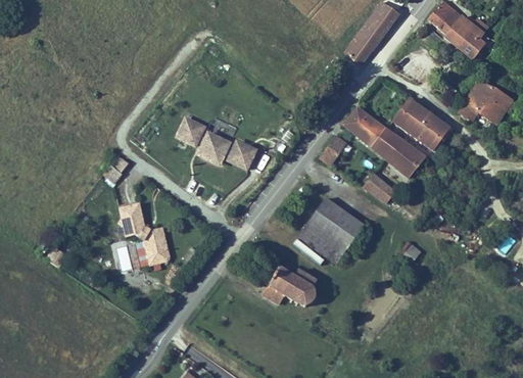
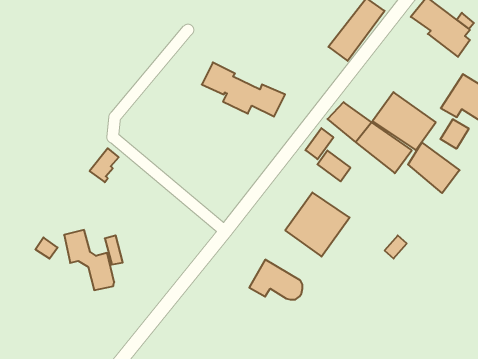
building: [174,115,258,171] -> [202,62,285,117]
building: none -> [440,119,469,149]
building: none -> [408,142,460,193]
building: [363,173,396,204] -> [317,150,350,181]
building: [118,203,170,265] -> [64,230,114,290]

